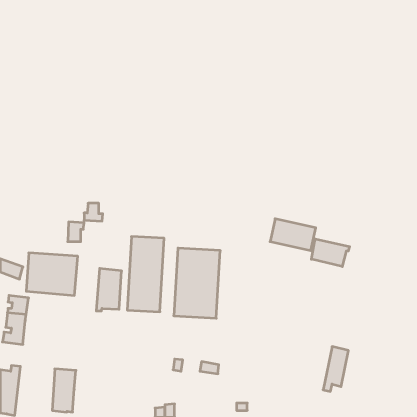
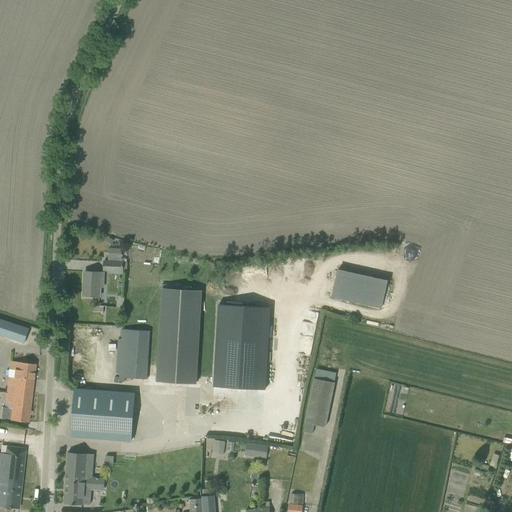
building: [311,239,350,267] -> none
building: [26,253,78,295] -> [71,389,134,441]
building: [323,347,348,391] -> [303,378,334,433]

